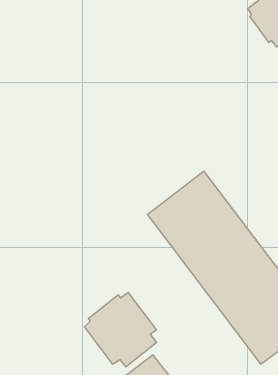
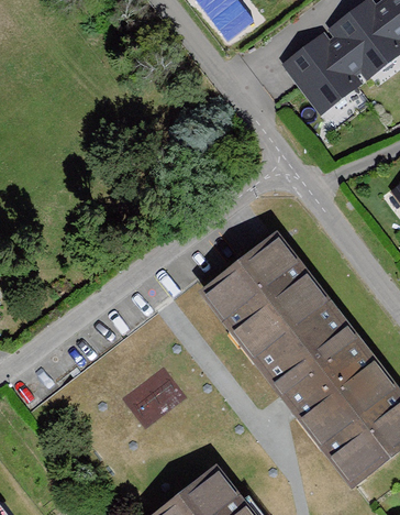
building: none -> [286,34,359,110]
building: [84,293,156,367] -> none

